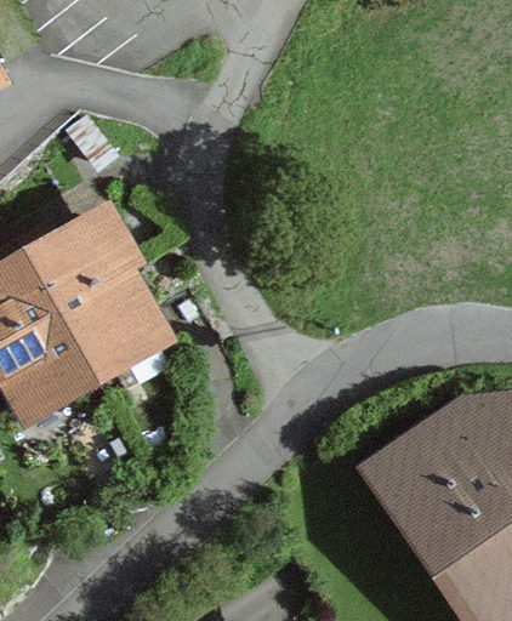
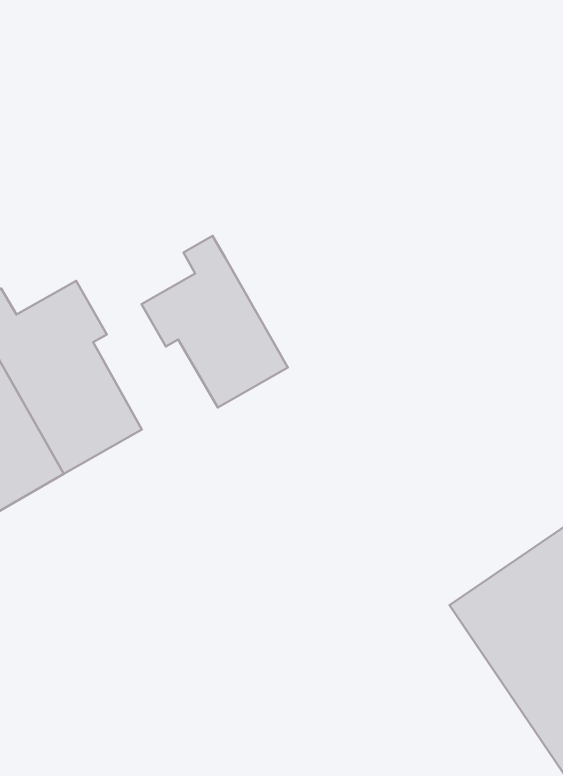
building: none -> [142,236,288,408]

